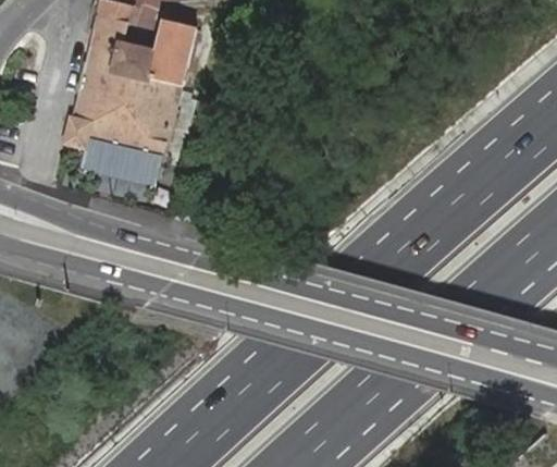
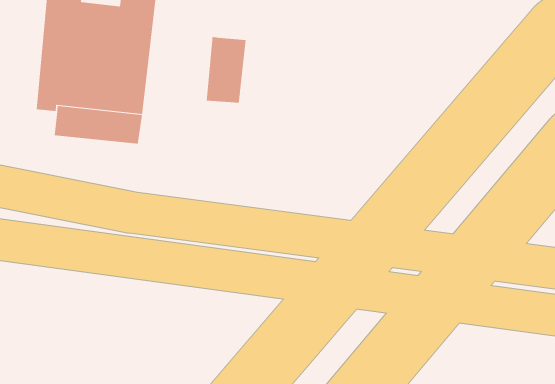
building: none -> [206,36,246,104]

